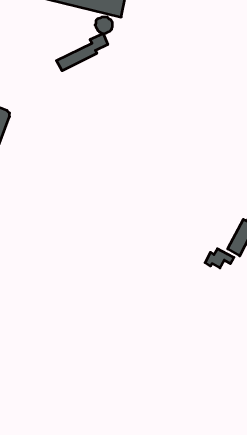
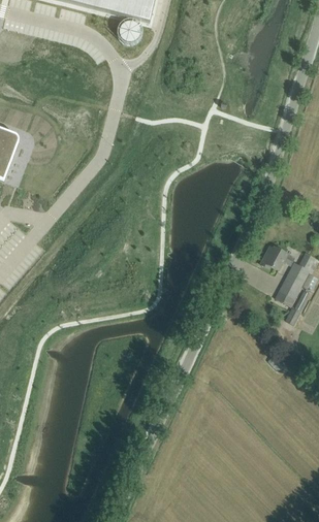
building: [56,34,108,71] -> none
building: [205,249,234,268] -> [260,247,294,269]

